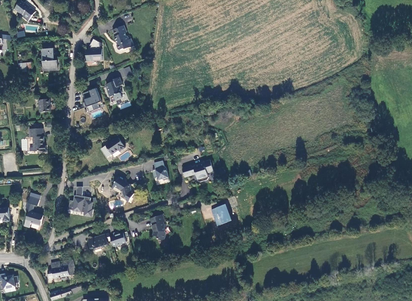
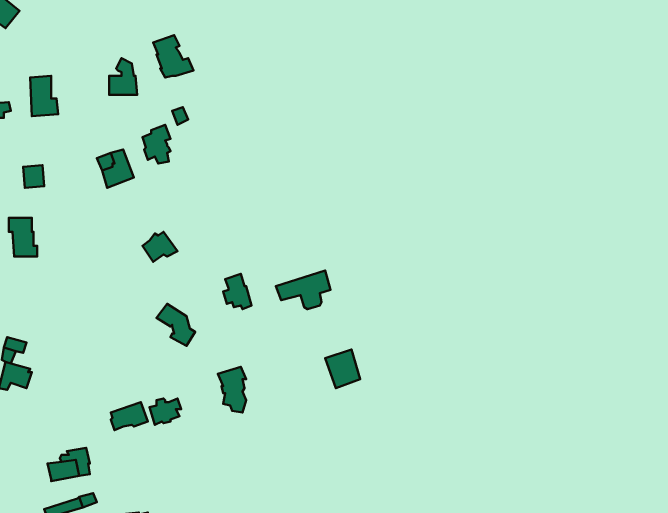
building: [68,186,92,216] -> none

